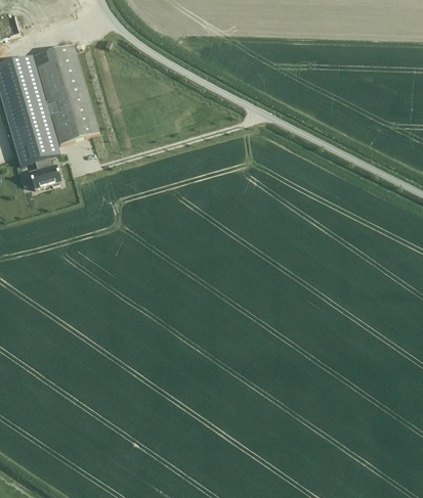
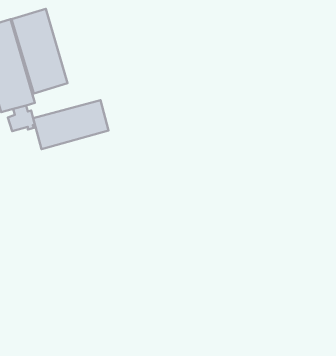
building: none -> [33,100,109,149]

